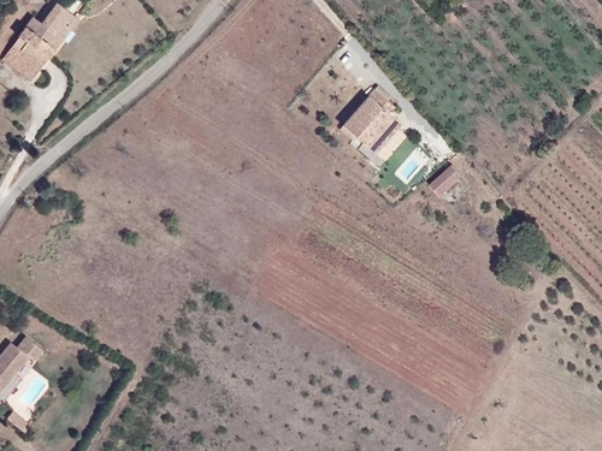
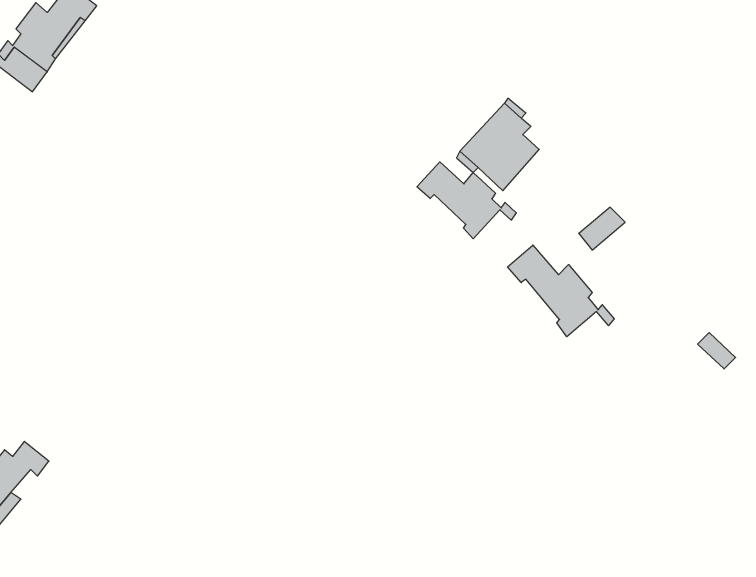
building: none -> [417,162,516,239]
building: none -> [508,245,614,337]

